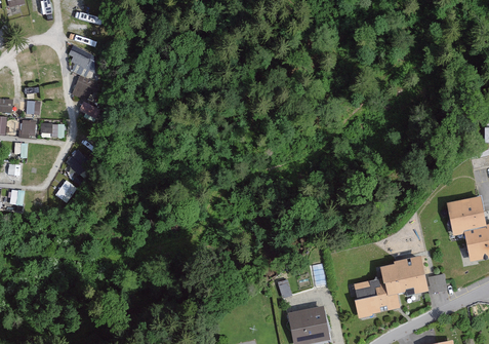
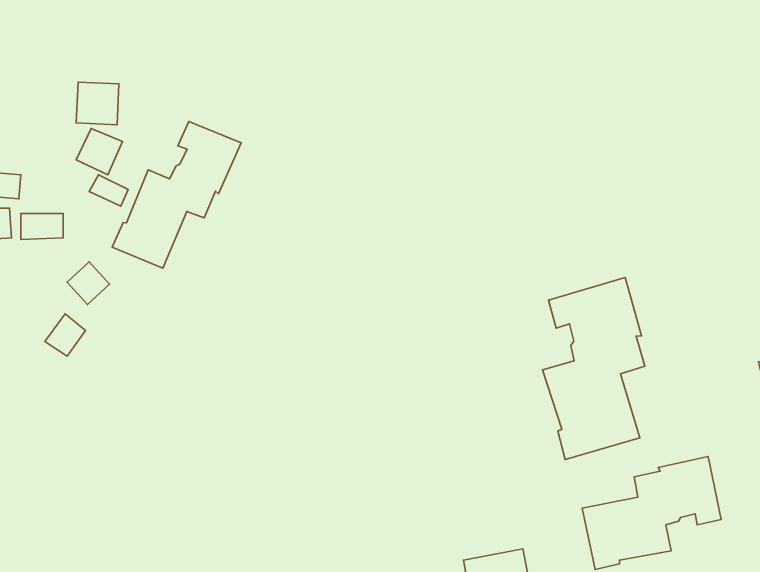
building: none -> [112,121,241,268]
building: none -> [542,278,645,459]

